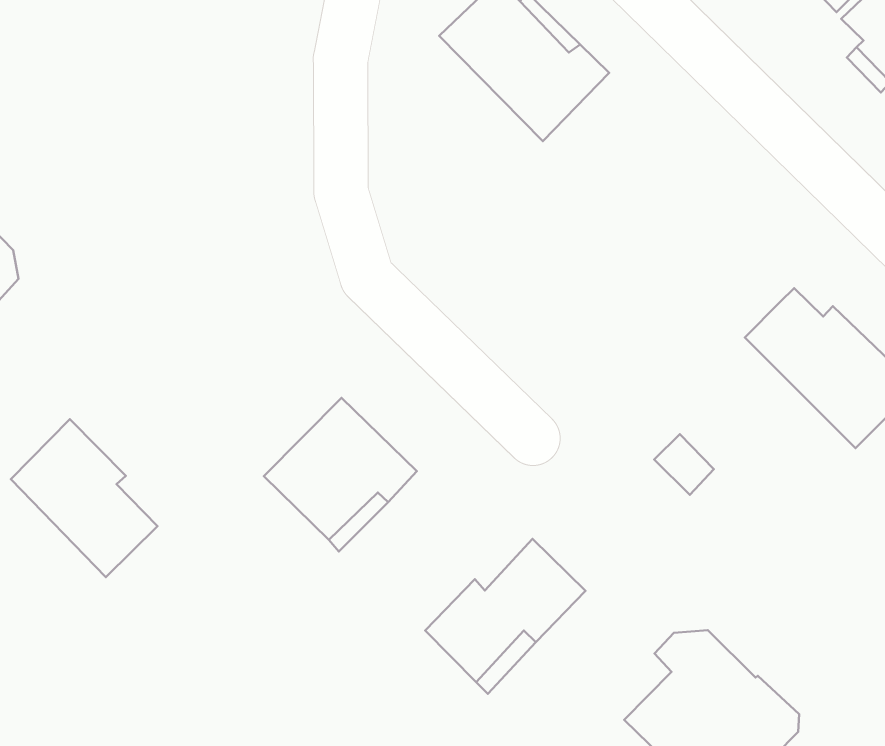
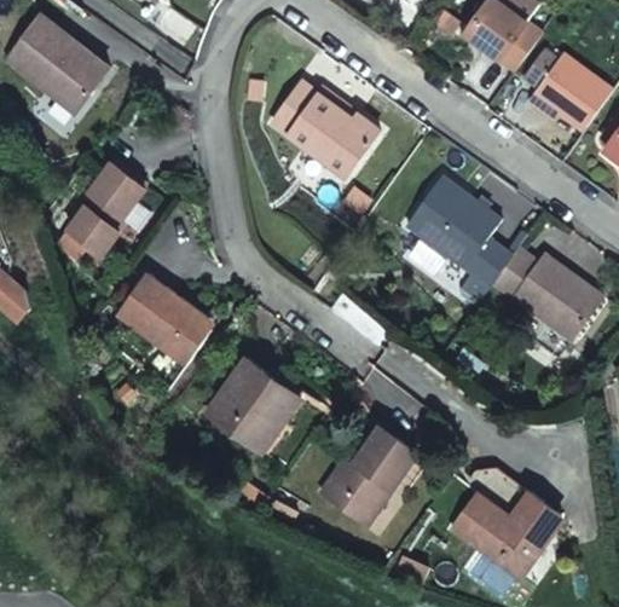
building: none -> [68,161,146,255]
building: none -> [403,177,507,301]
building: [11,419,157,577] -> [118,272,213,365]

